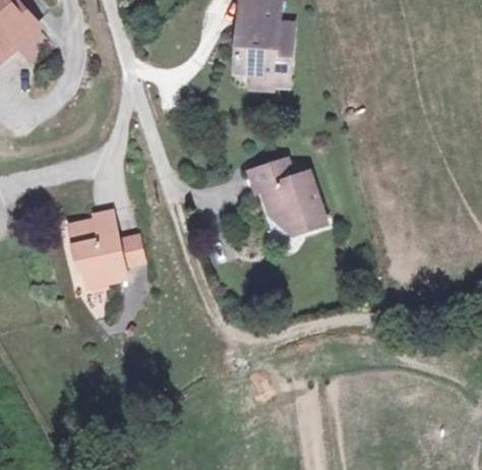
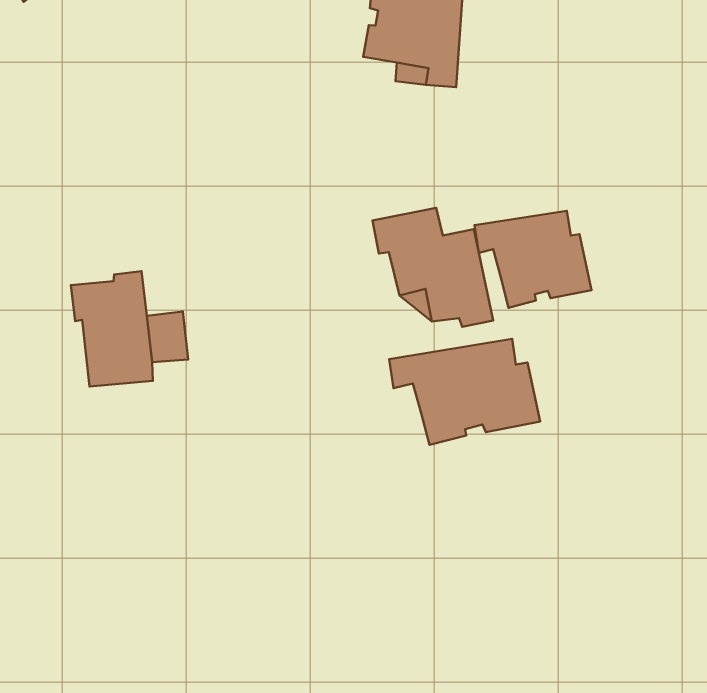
building: none -> [474,211,592,308]
building: none -> [389,339,540,445]

